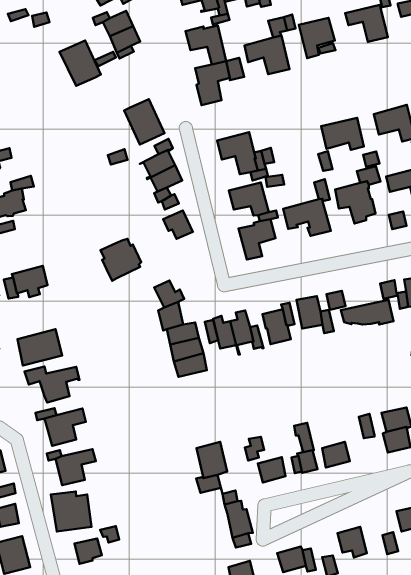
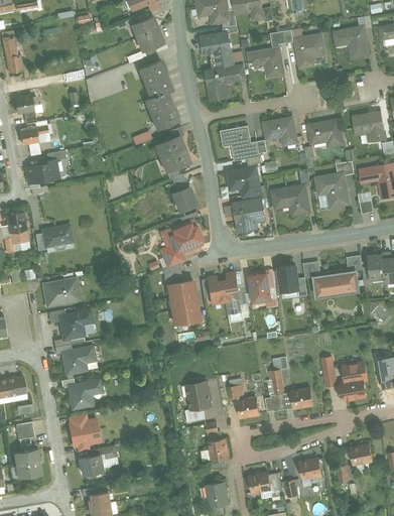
building: [59,40,101,86] -> [138,60,171,98]
building: none -> [264,117,297,144]
building: [100,239,141,281] -> [169,220,203,254]

